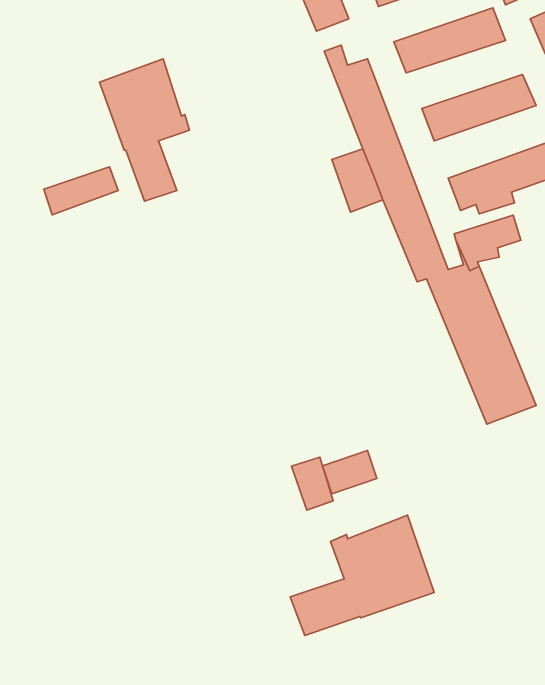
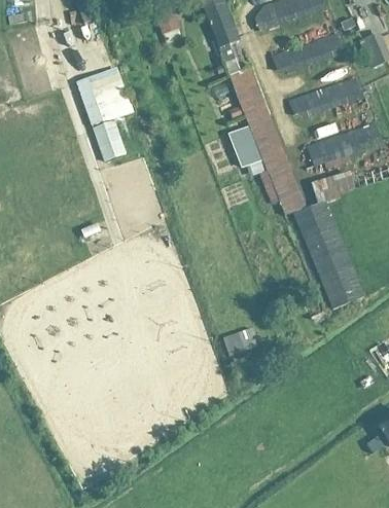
building: [44,167,118,215] -> none
building: [292,457,333,510] -> none
building: [290,515,434,636] -> none

